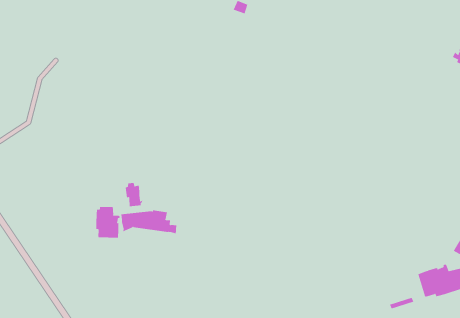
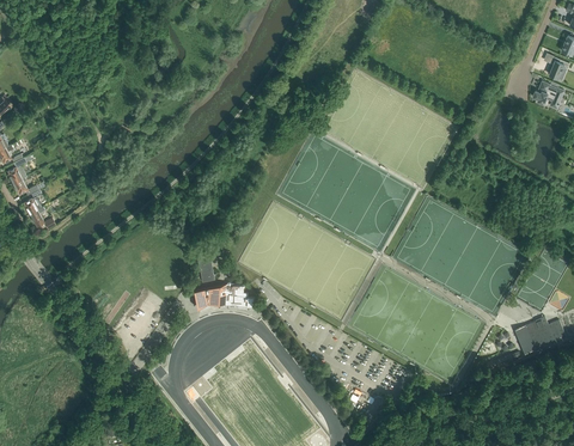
building: [96,206,120,239] -> none

